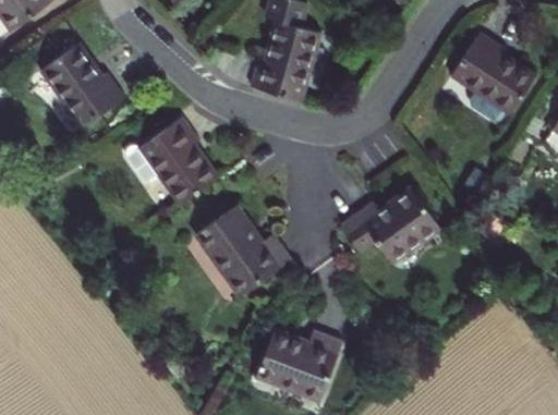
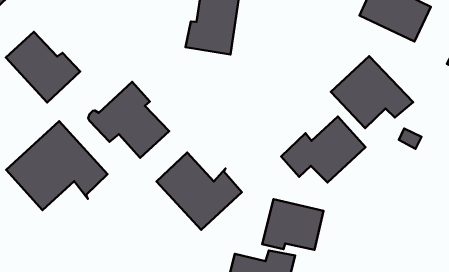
building: none -> [331,56,413,128]
building: none -> [6,121,107,210]
building: none -> [262,199,324,250]

